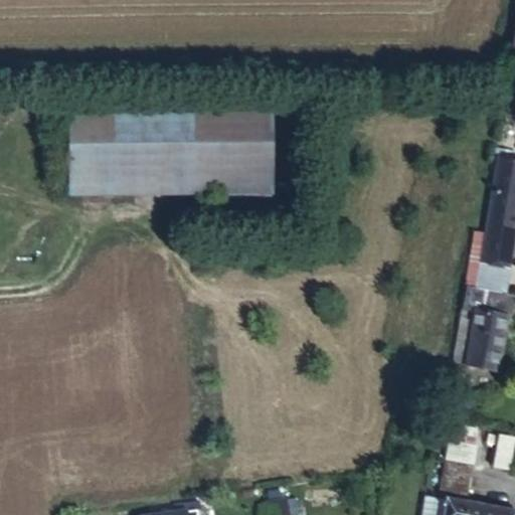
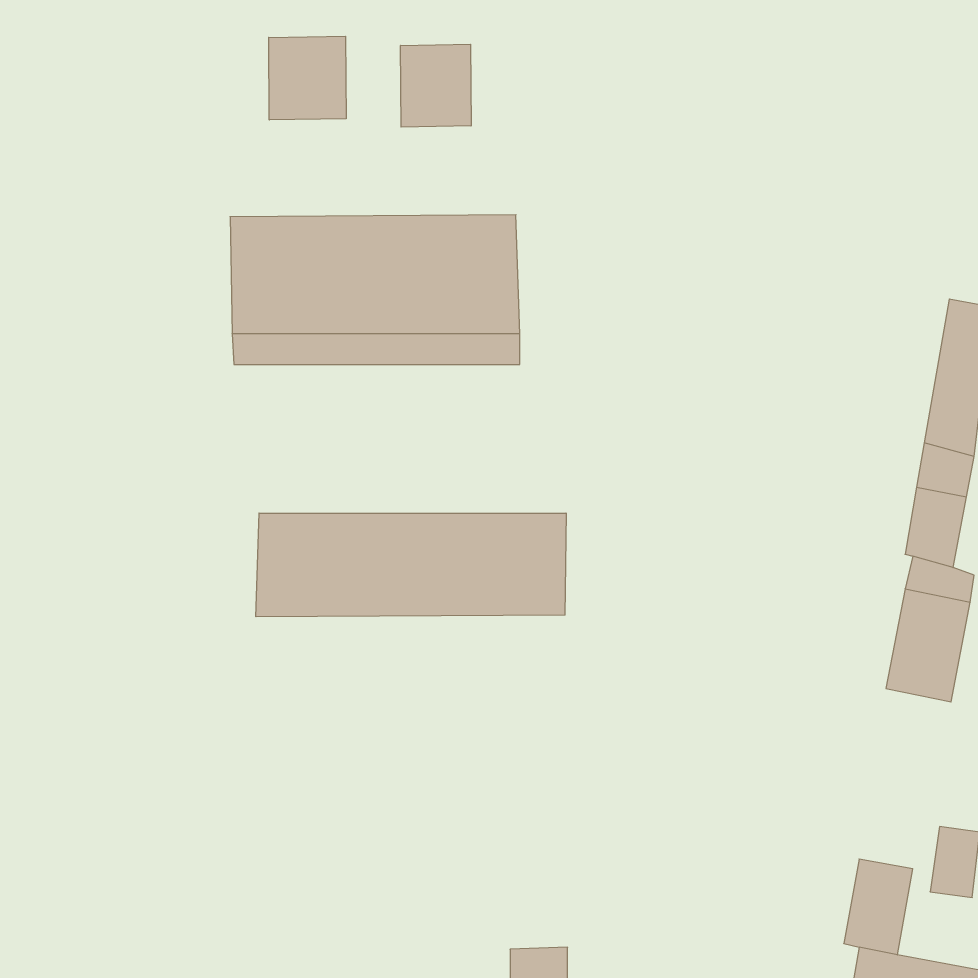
building: none -> [269,36,346,120]
building: none -> [401,44,471,127]
building: [72,115,124,192] -> none
building: none -> [256,513,566,617]

